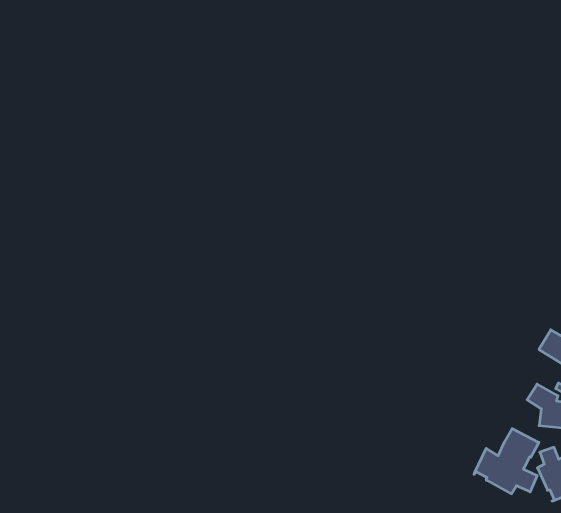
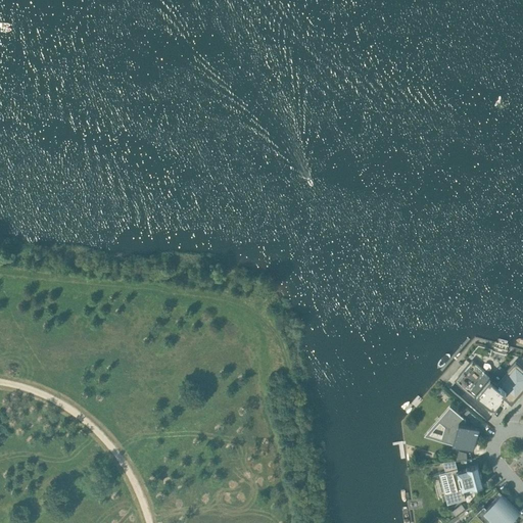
building: [474,429,539,494] -> none

